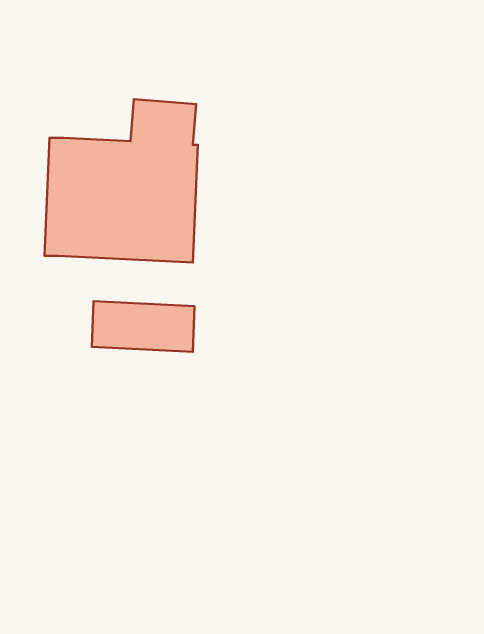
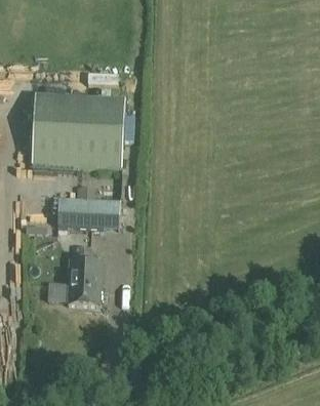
building: none -> [66,245,101,306]

